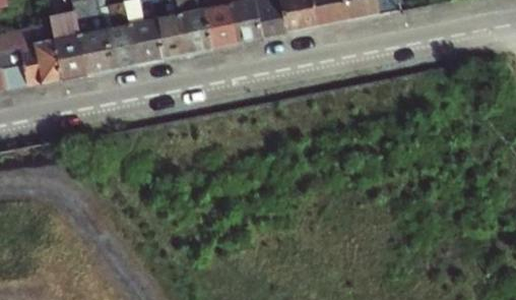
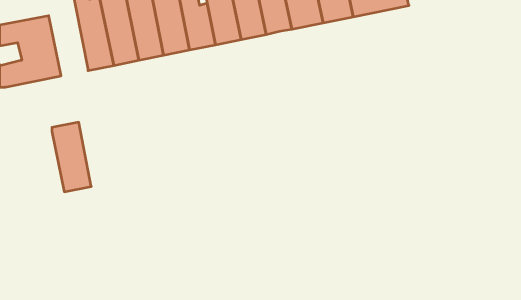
building: [49,10,87,78] -> [52,122,91,192]

